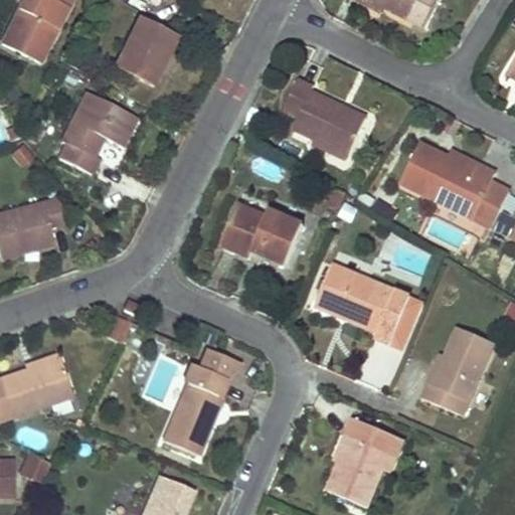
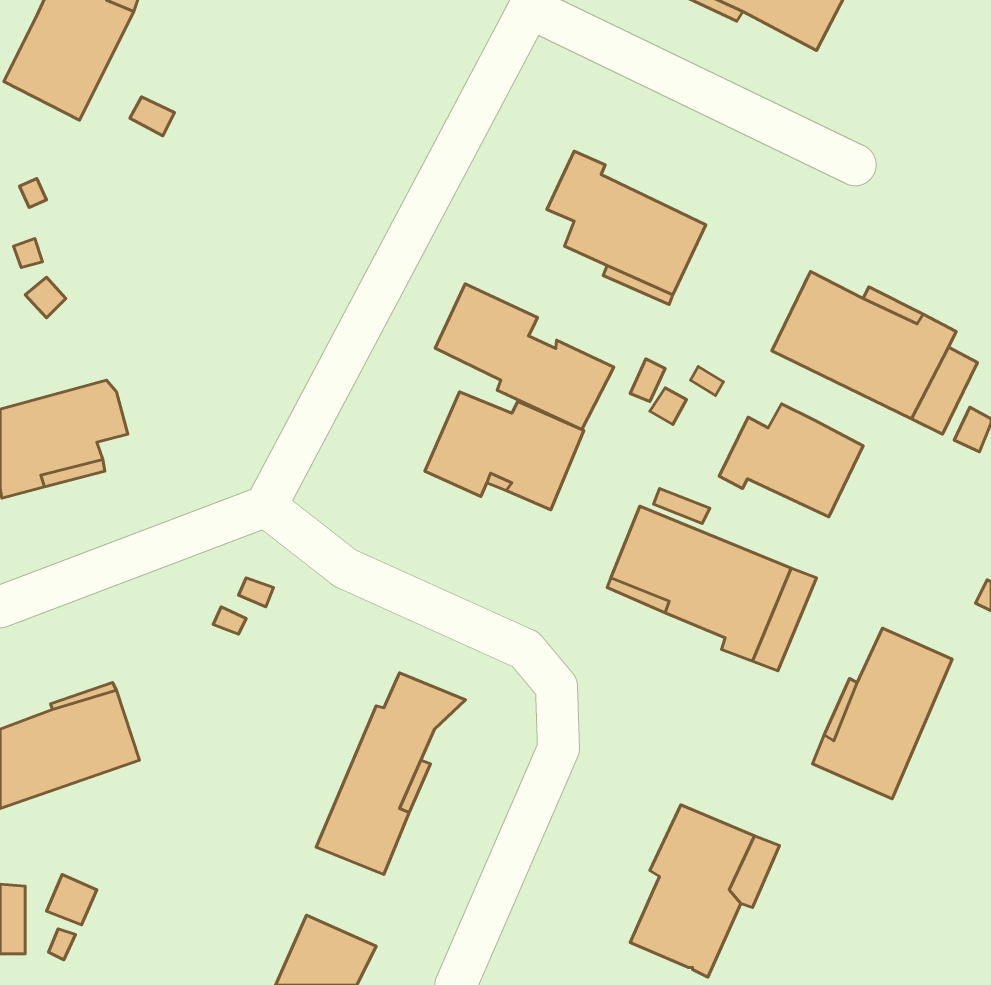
building: [116,15,178,85] -> none
building: [59,91,137,173] -> none
building: none -> [435,284,614,430]
building: none -> [719,404,863,517]

